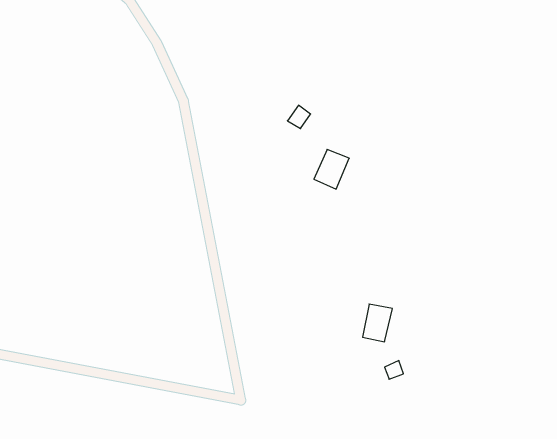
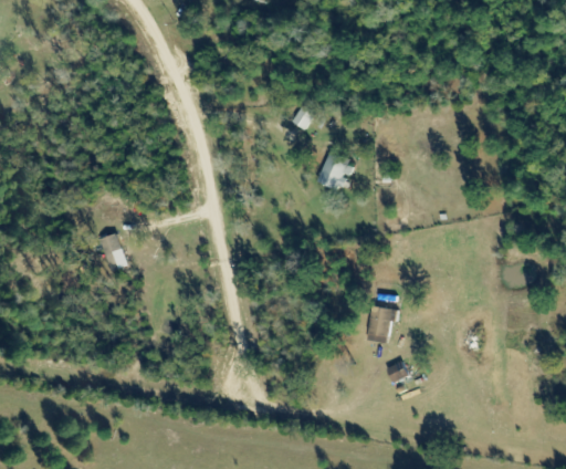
building: none -> [99,232,128,271]

